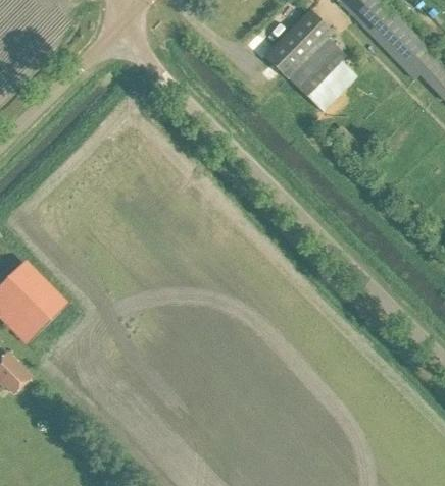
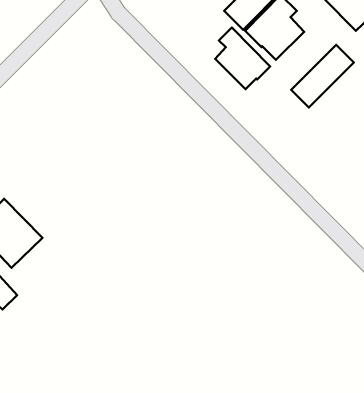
building: none -> [215,28,270,89]
building: none -> [291,45,354,107]

